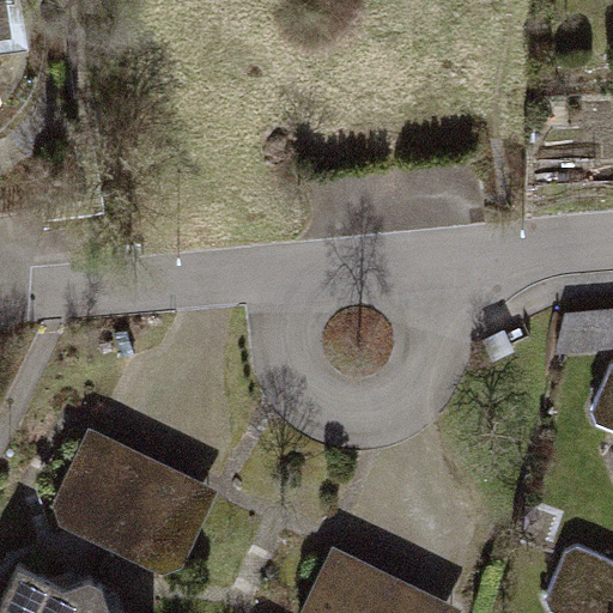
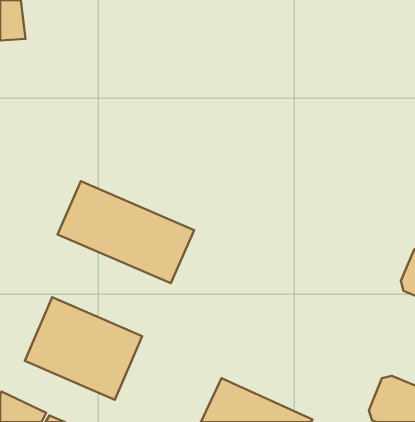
building: none -> [58,181,194,283]

